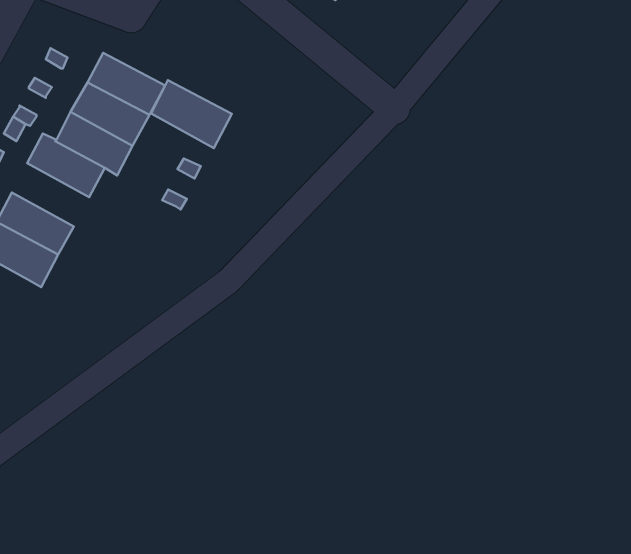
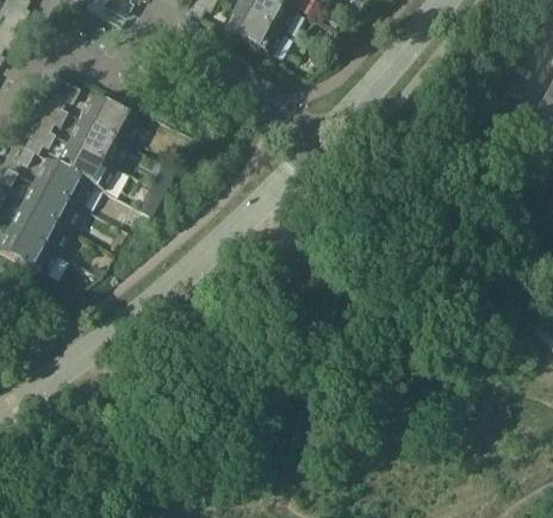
building: [151,80,232,148] -> none
building: none -> [24,175,83,224]

